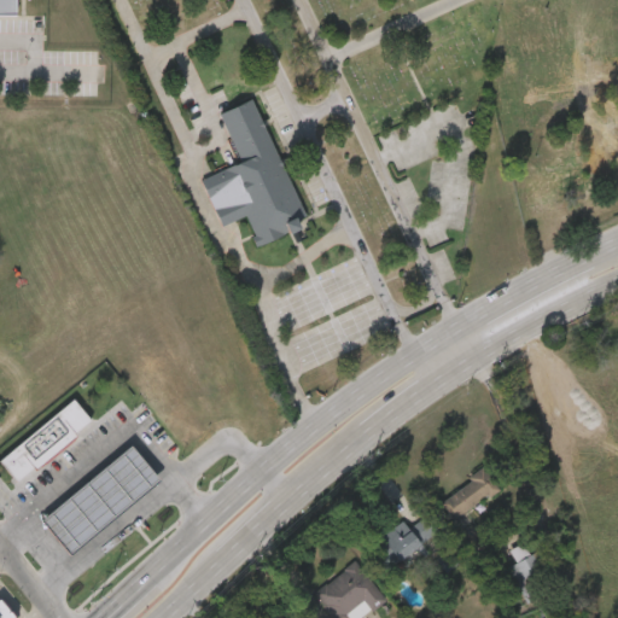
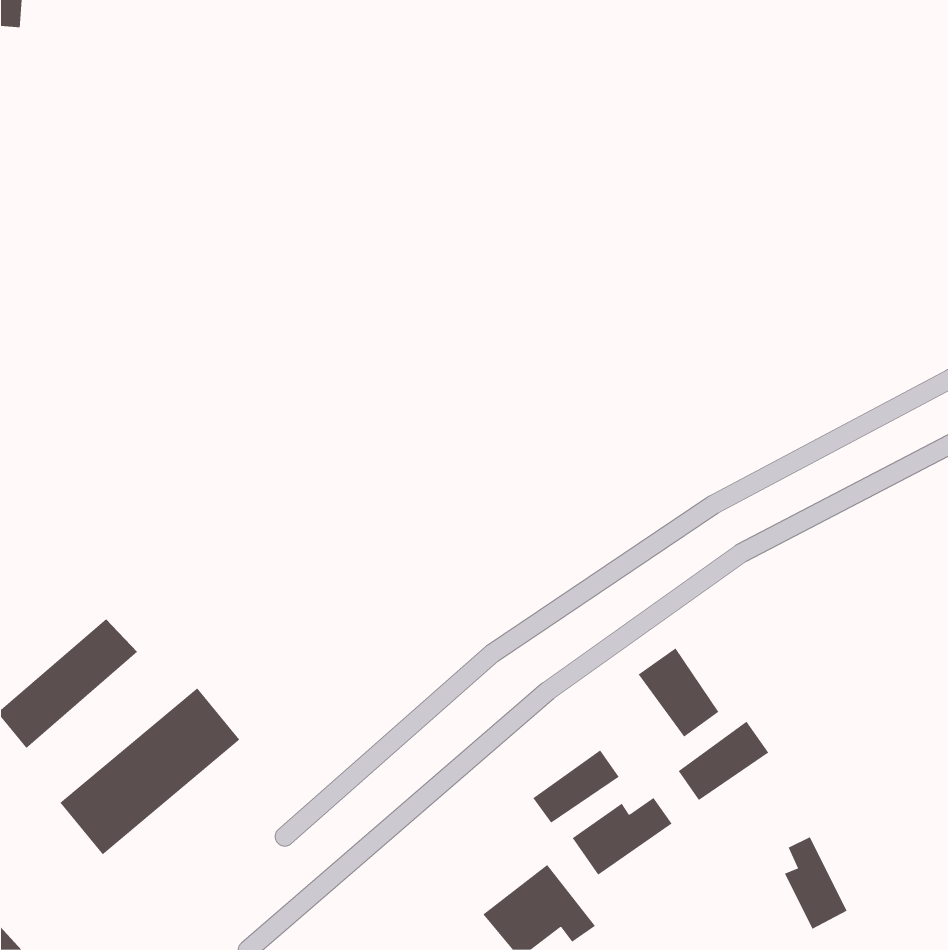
building: [202,98,309,246] -> none
building: none -> [638,648,719,737]
building: none -> [533,749,619,823]

